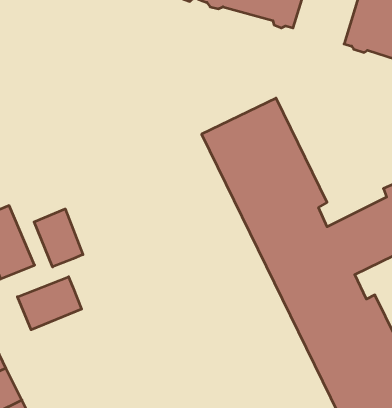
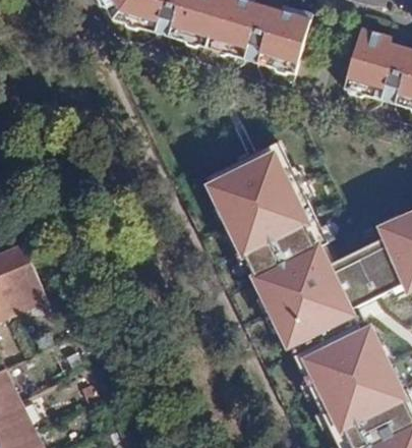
building: [34,209,83,267] -> none
building: [17,277,82,330] -> none

